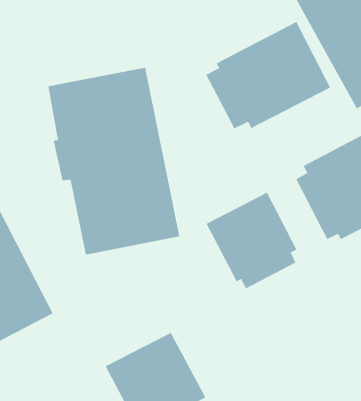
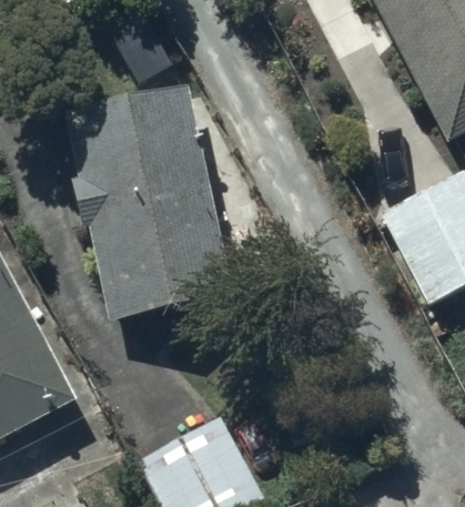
building: [206,21,331,129] -> none
building: [206,192,297,289] -> none

